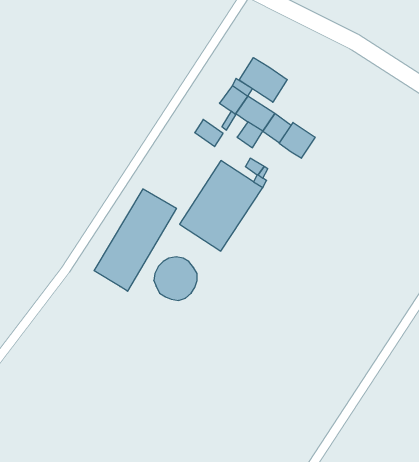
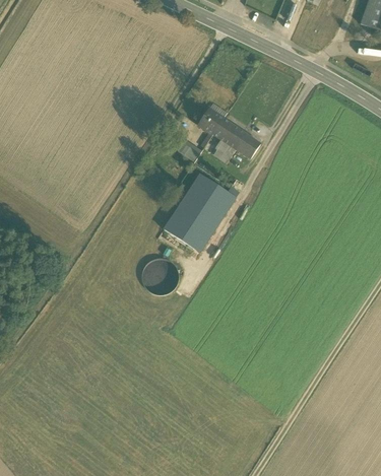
building: [239,58,287,102] -> none
building: [279,122,315,158] -> none
building: [94,189,176,291] -> none

